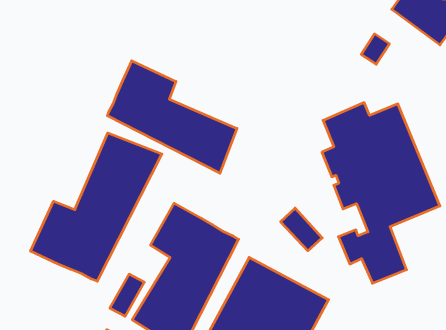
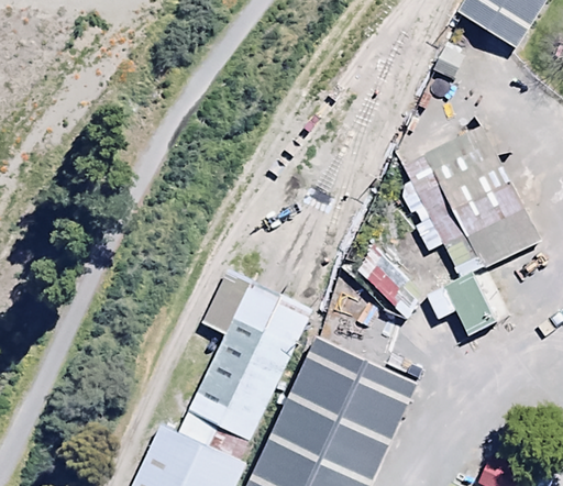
building: [107,61,237,173] -> none
building: [31,133,162,281] -> none

